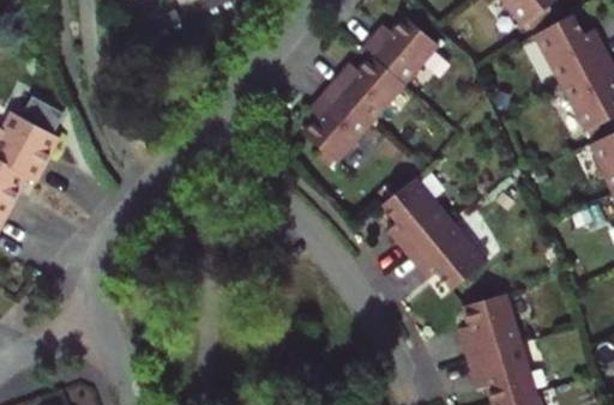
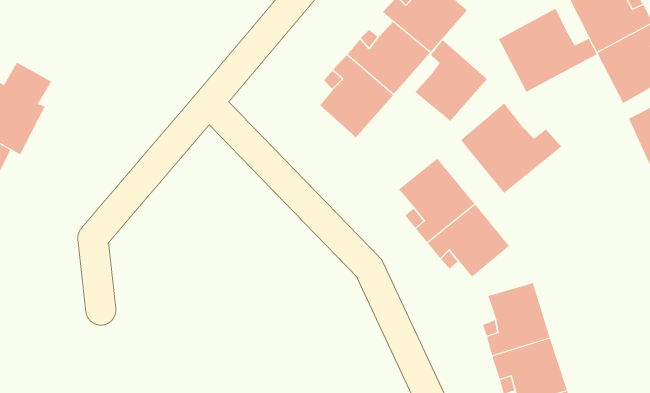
building: none -> [498,8,598,93]
building: none -> [415,39,488,122]
building: none -> [460,103,562,194]

